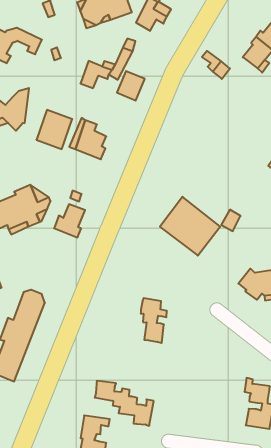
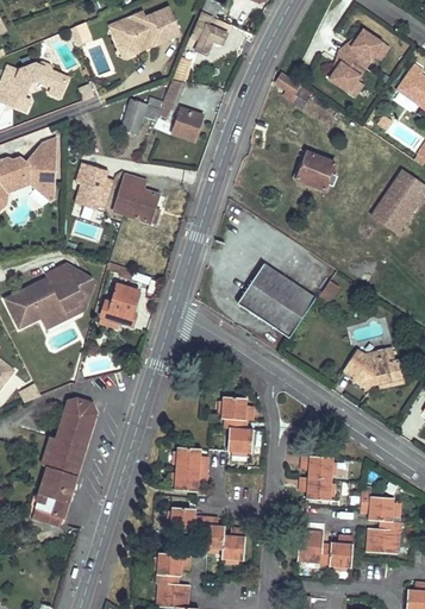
building: none -> [296,152,336,190]
building: none -> [174,447,207,491]
building: none -> [299,457,332,500]
building: none -> [298,530,352,567]

